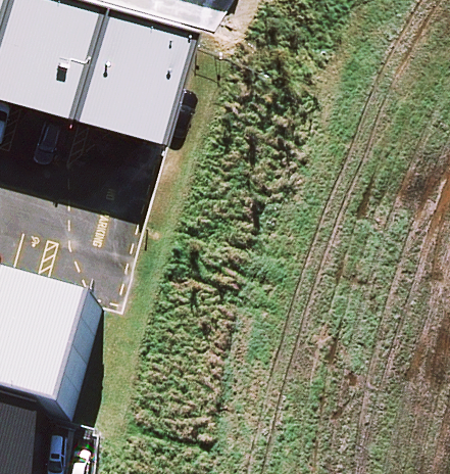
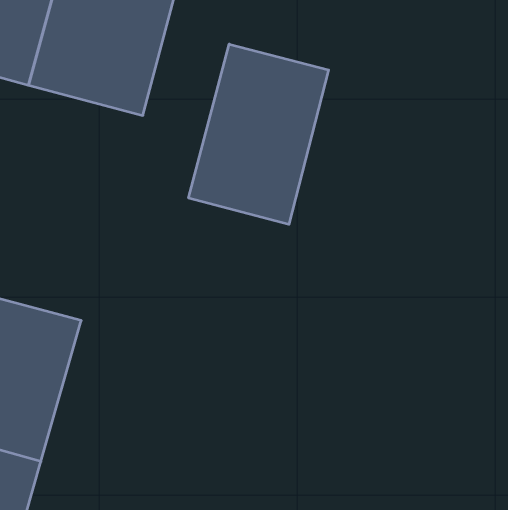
building: none -> [189,44,329,224]

